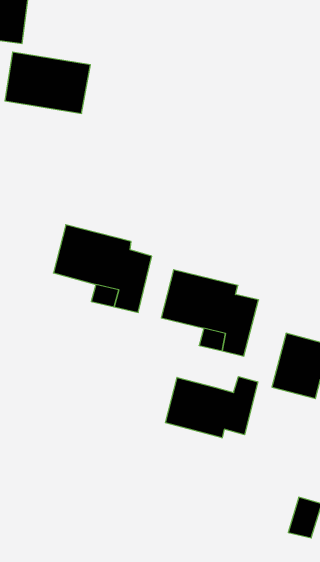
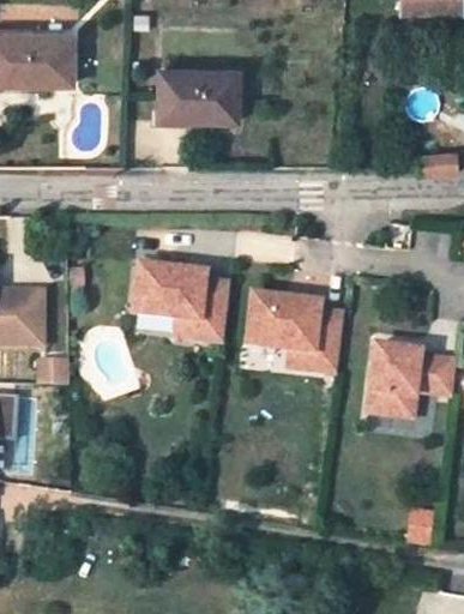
building: [5,52,90,113] -> [157,70,239,122]
building: [166,377,258,438] -> none

